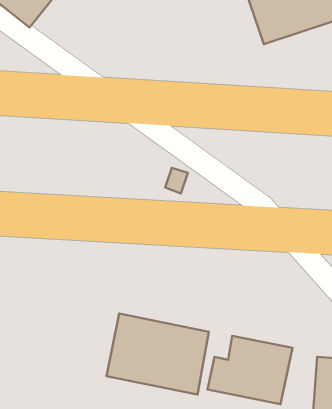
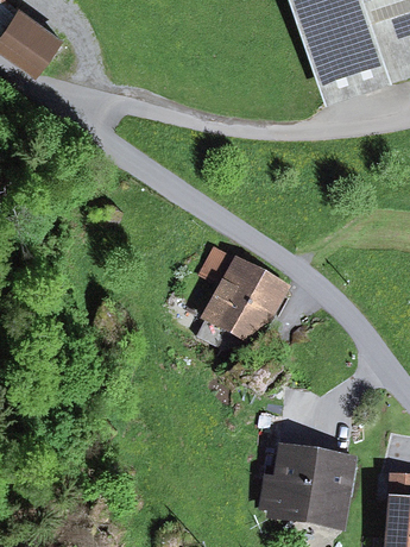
building: none -> [204,259,292,351]
building: [107,313,209,395] -> none

